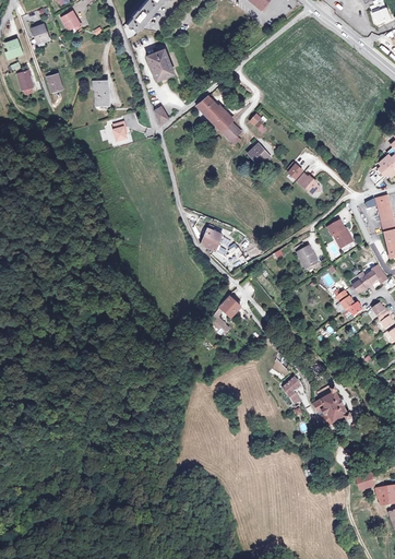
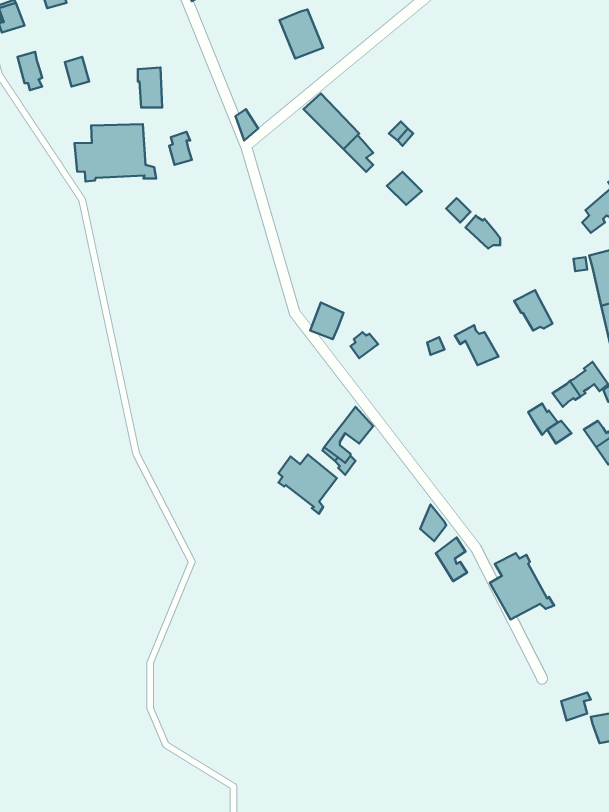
building: [146,49,173,80] -> [280,10,323,58]
building: none -> [75,124,156,181]
building: none -> [278,455,337,514]

